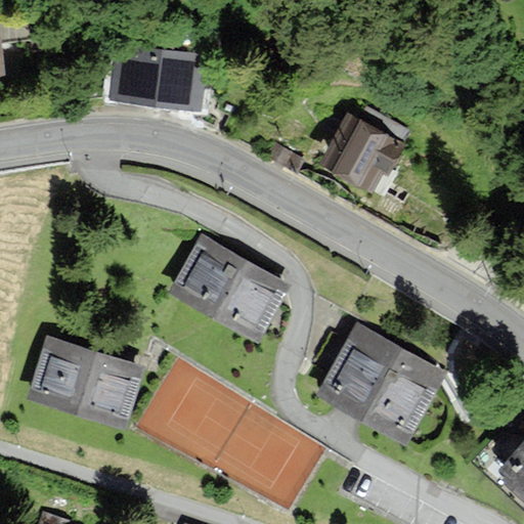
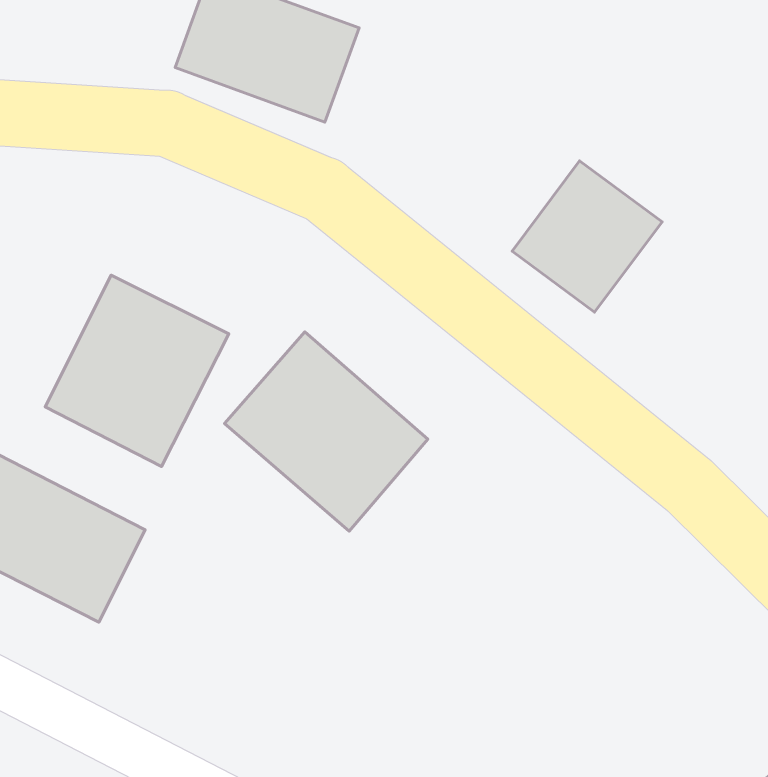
building: none -> [45,275,229,466]
building: [320,323,446,434] -> none

